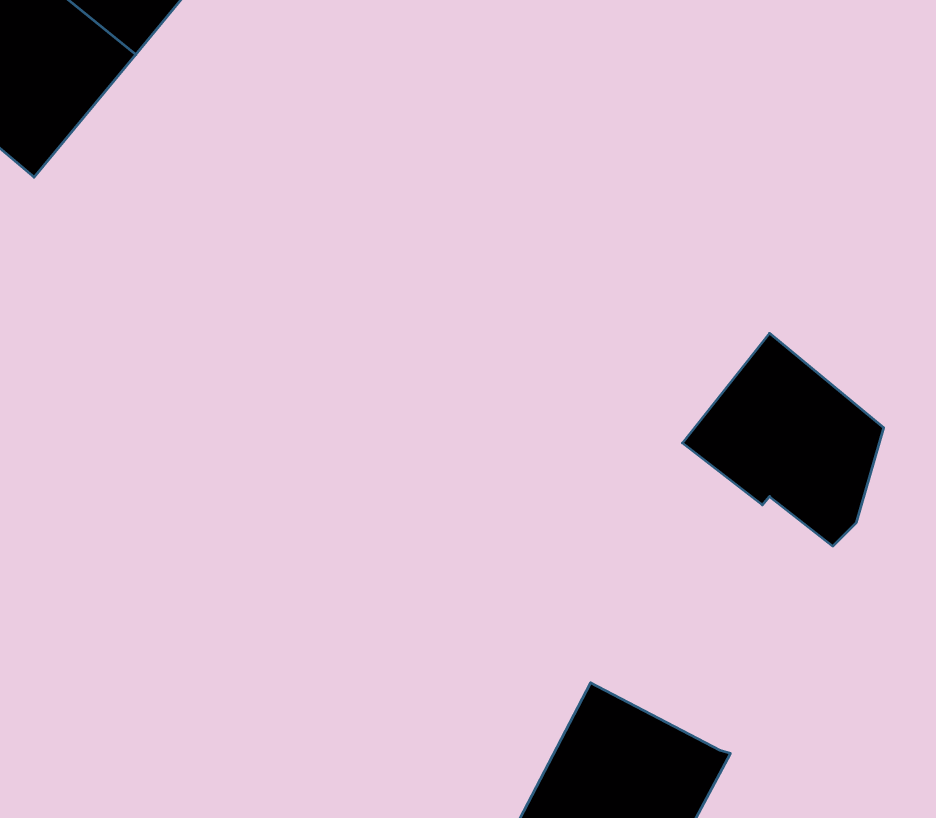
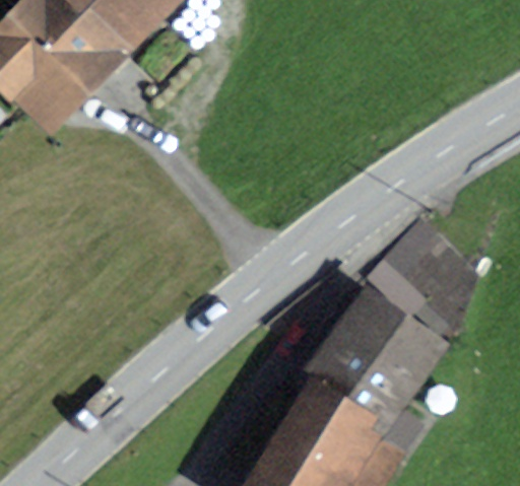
building: none -> [311,307,434,435]

